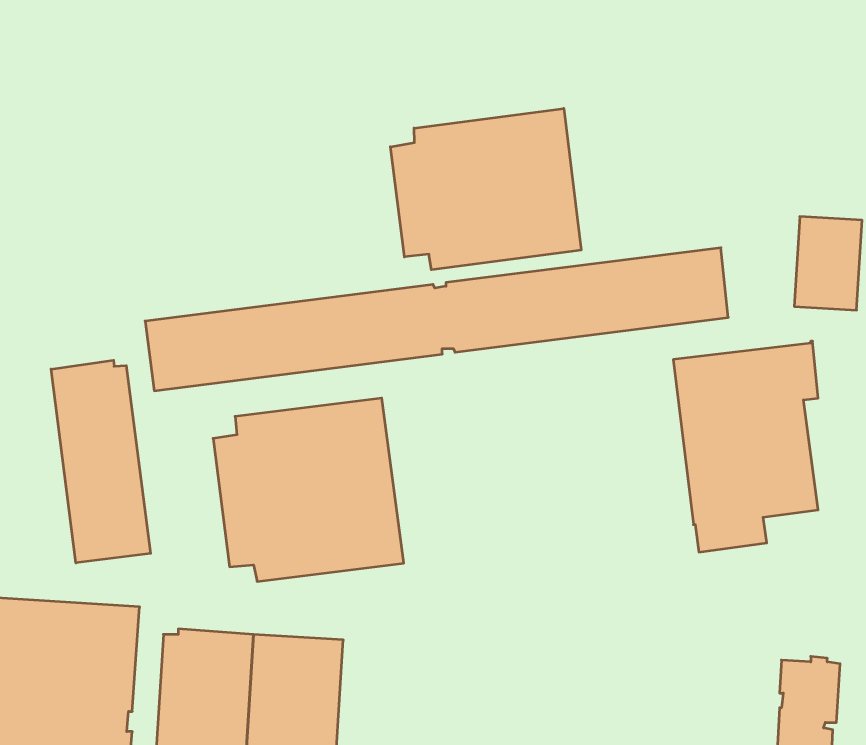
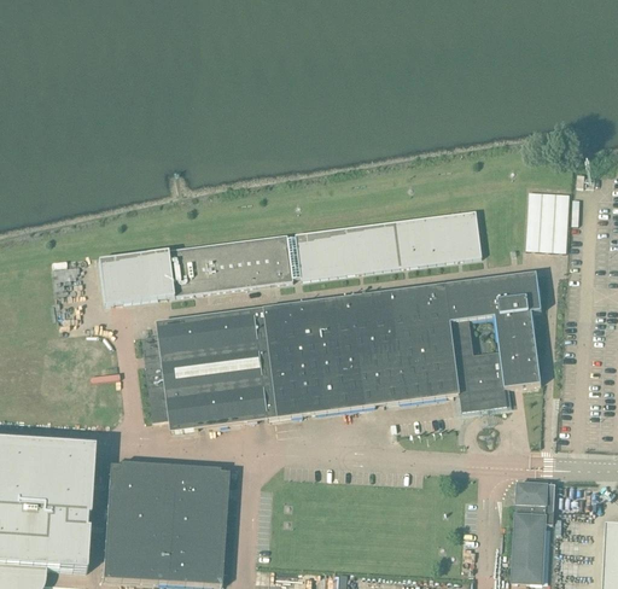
building: [390,108,581,270] -> none
building: none -> [253,284,459,418]
building: [51,360,151,563] -> none

